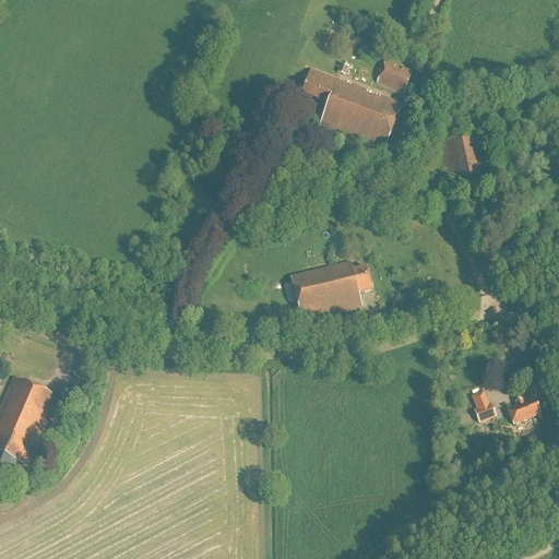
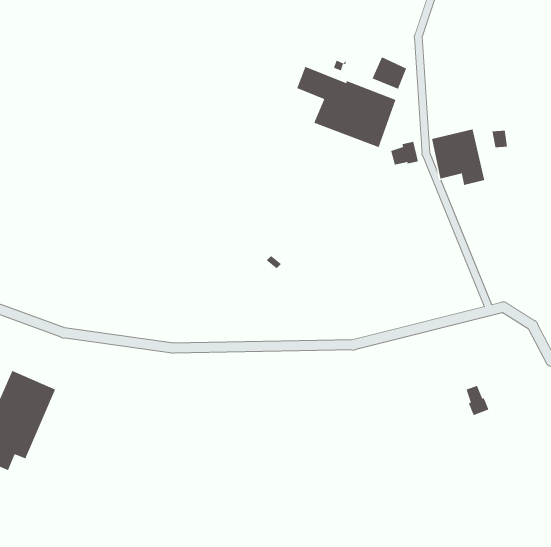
building: none -> [390,141,419,166]
building: [289,259,371,318] -> none
building: [506,395,538,420] -> none

